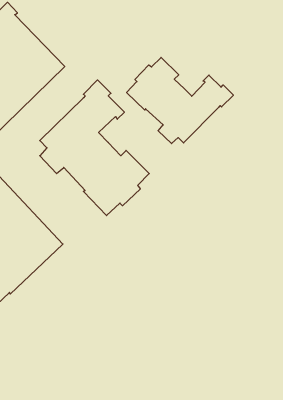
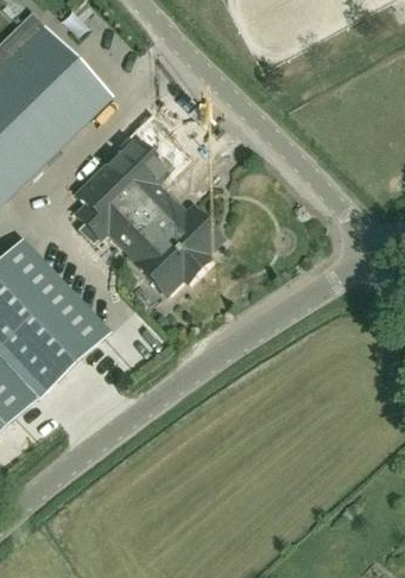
building: [127,57,233,144] -> none

